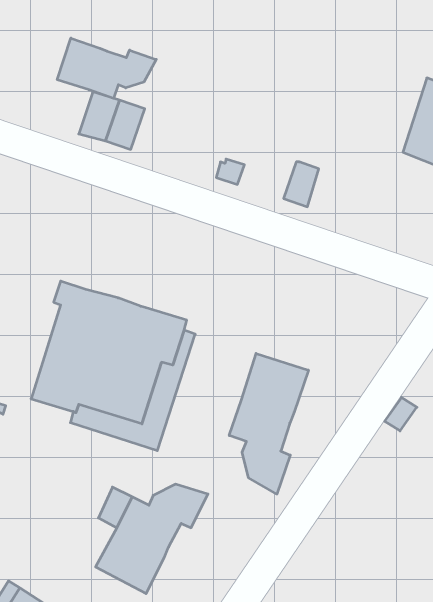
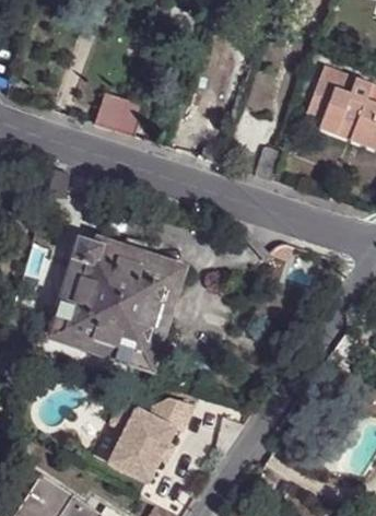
building: [57,38,156,98] -> none
building: none -> [302,66,364,140]
building: [229,353,308,494] -> none

